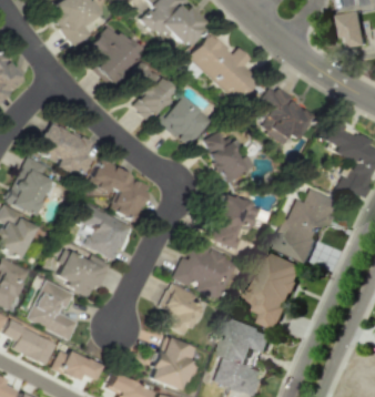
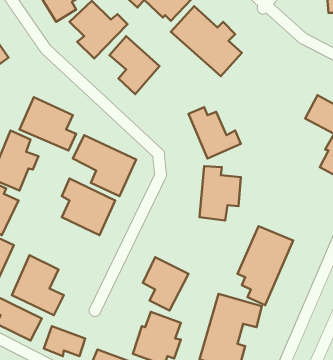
building: [254,85,312,143] -> none
building: [156,95,209,147] -> none
building: [274,190,332,262] -> none
building: [172,241,239,298] -> none
building: [55,252,110,296] -> none

